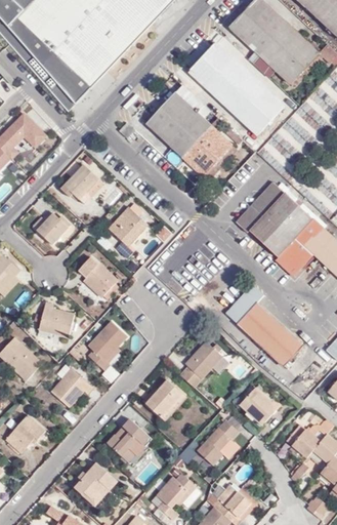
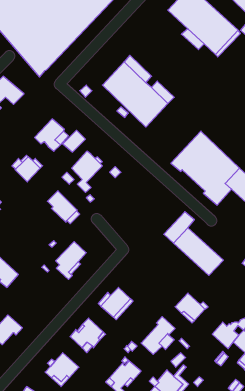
building: [189,42,285,134] -> none
building: [39,301,74,336] -> none
building: [180,341,222,386] -> none
building: [51,368,91,406] -> none

